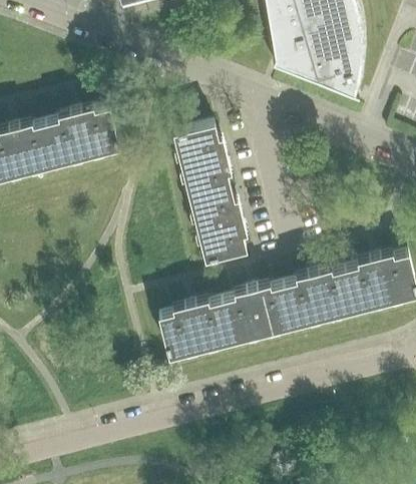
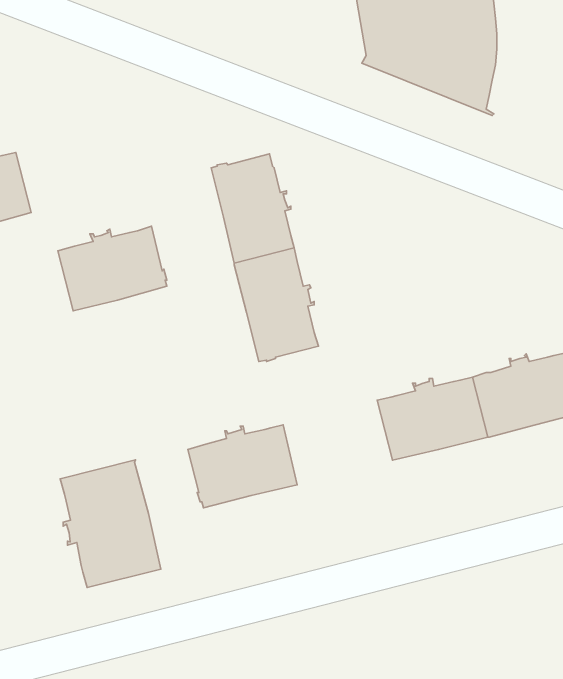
building: [48,107,119,162] -> [58,226,167,311]
building: [223,285,294,340] -> none
building: none -> [60,460,161,588]

